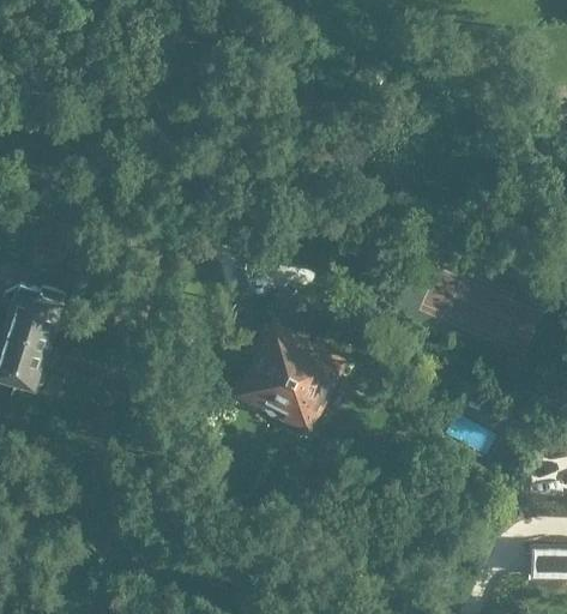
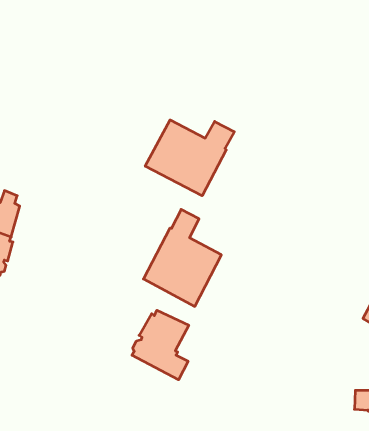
building: none -> [145,120,234,196]
building: none -> [132,310,189,380]

